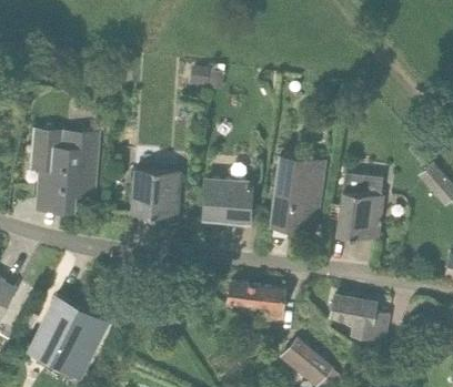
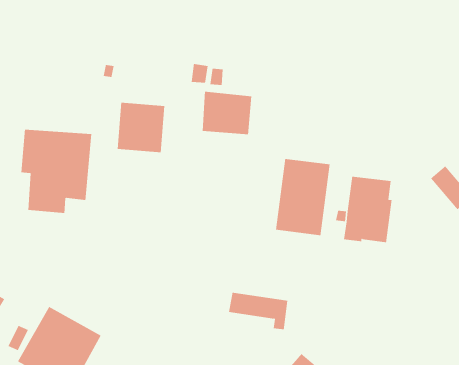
building: [133,170,179,217] -> [117,102,165,153]
building: [204,181,252,222] -> [202,91,252,135]
building: [329,298,389,344] -> none

